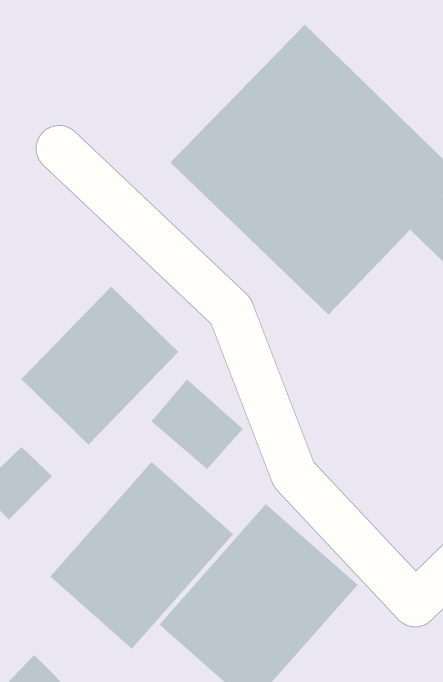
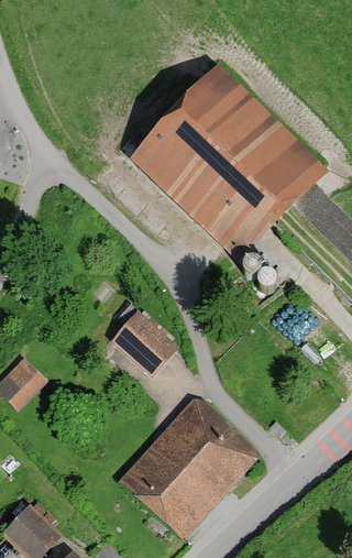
building: [20,286,179,446] -> none
building: [50,461,234,650] -> none

